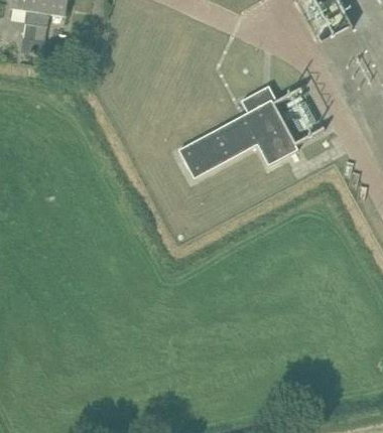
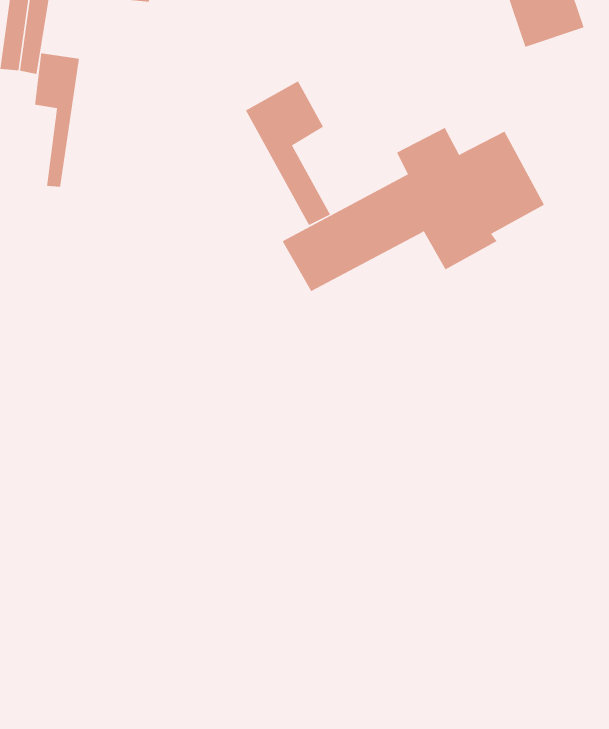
building: none -> [35,53,79,187]
building: none -> [245,80,331,226]

